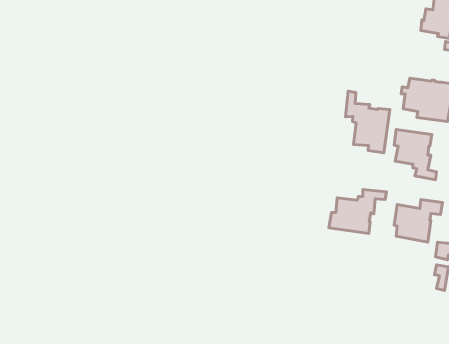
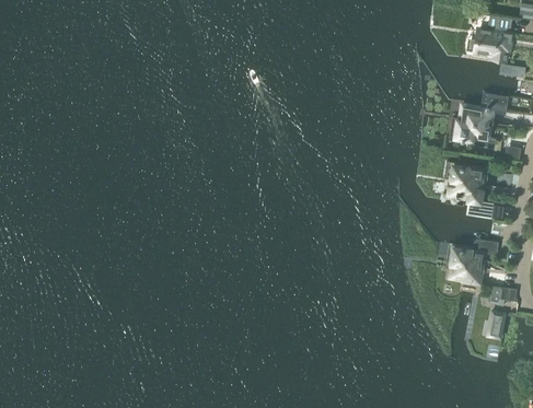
building: [346,91,390,153] -> none
building: [329,190,386,234] -> none

